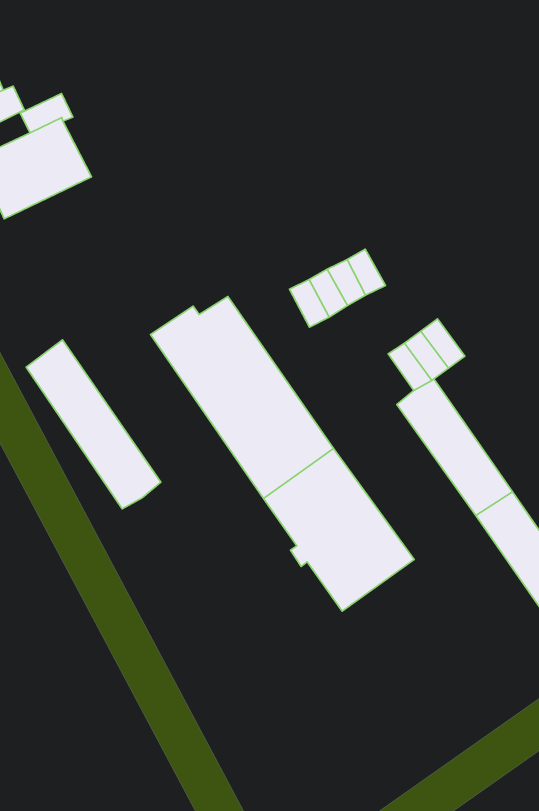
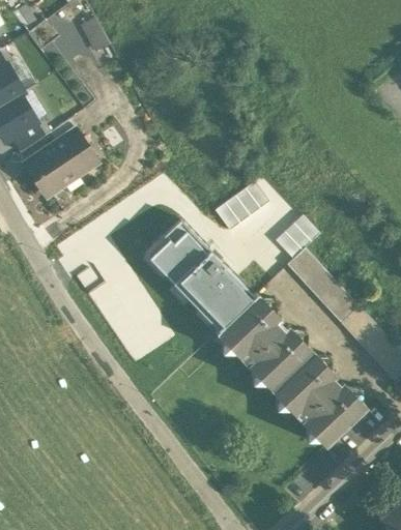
building: [26,340,161,509] -> none
building: none -> [273,352,363,444]

